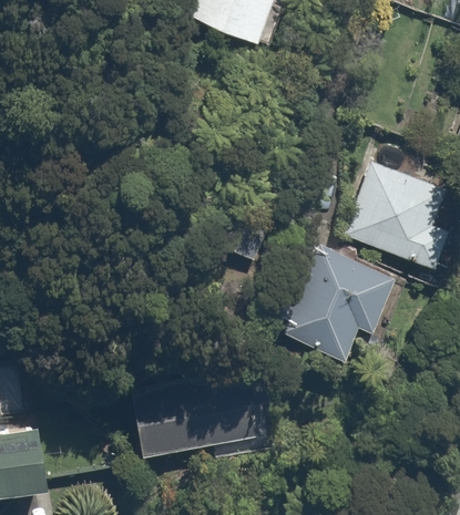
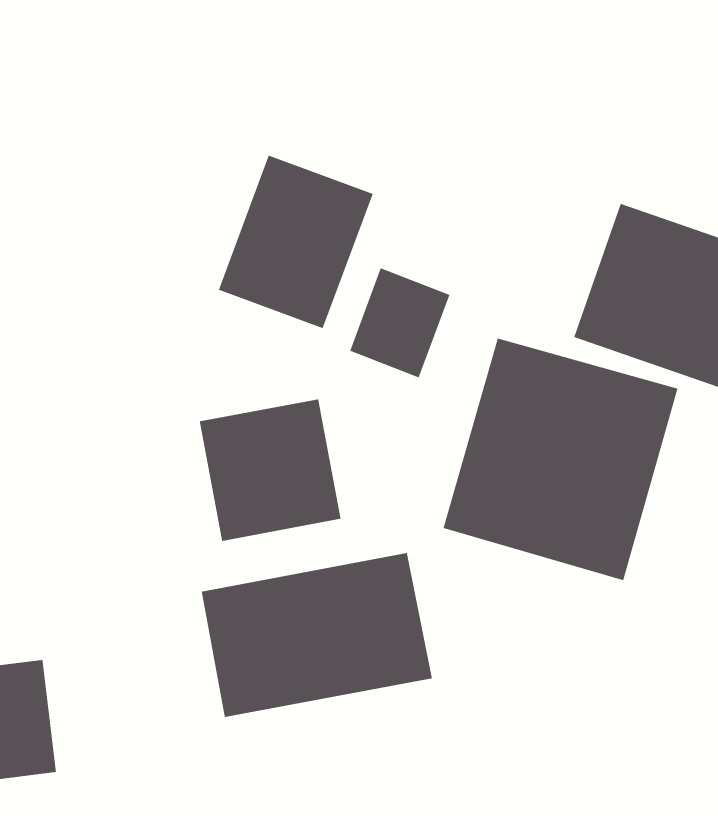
building: none -> [218,155,374,329]
building: none -> [199,398,342,542]

